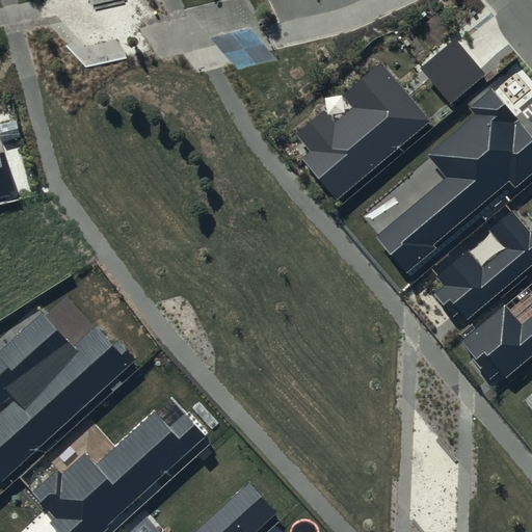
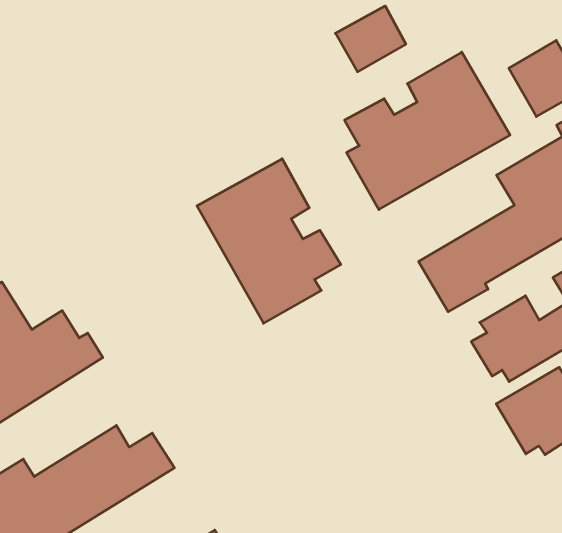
building: none -> [335,6,406,72]
building: none -> [197,159,341,323]

